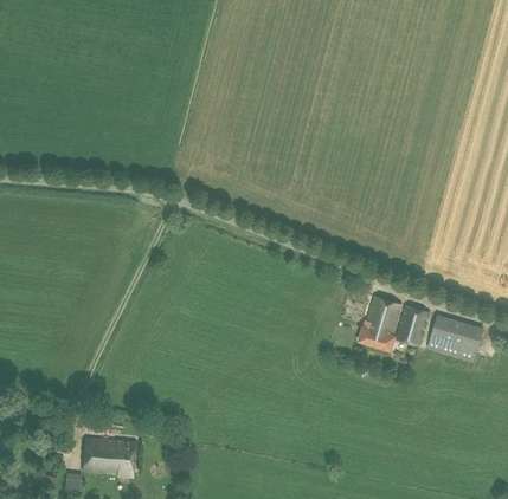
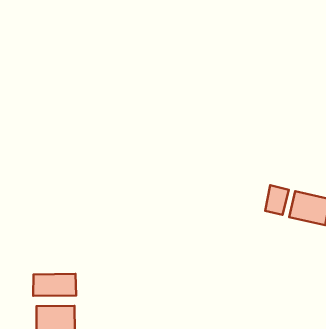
building: [360,296,401,349] -> none
building: none -> [33,274,76,296]

